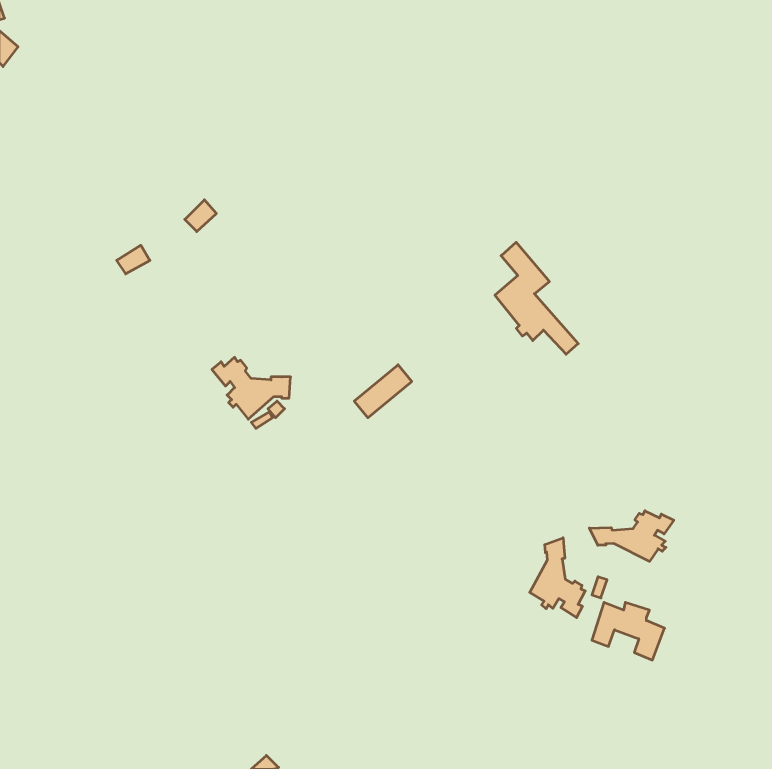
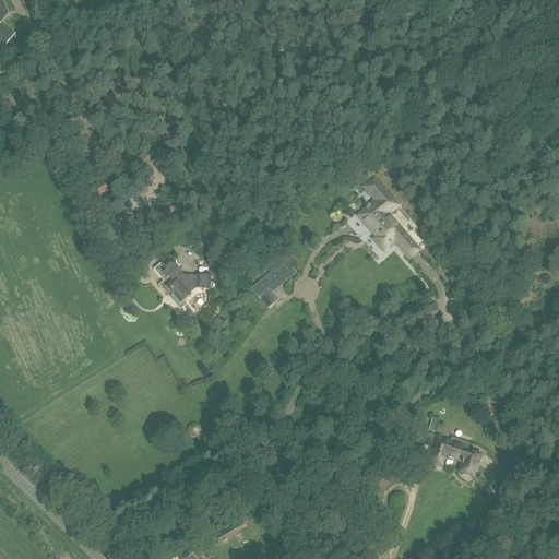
building: [589,511,674,561] -> none
building: [530,538,585,618] -> none

